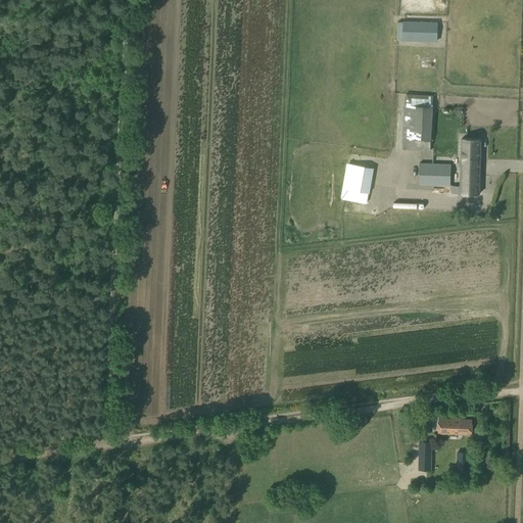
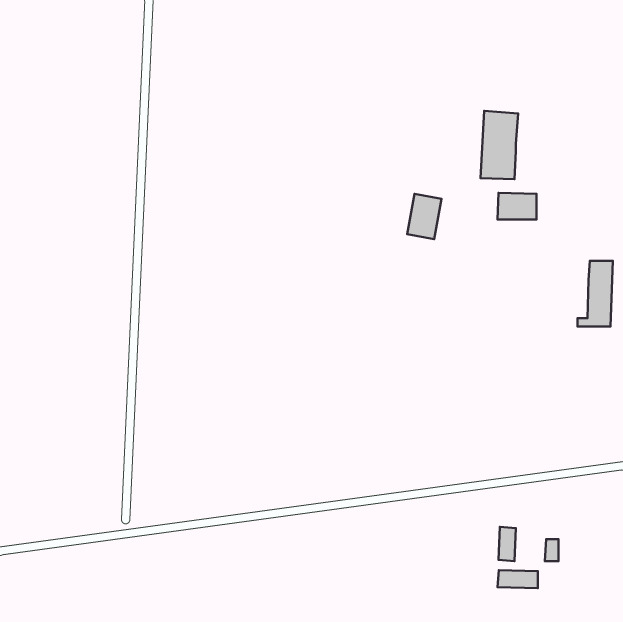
building: [403,22,438,42] -> none
building: [451,139,481,194] -> [578,261,613,327]
building: [438,419,472,434] -> [498,570,538,588]

